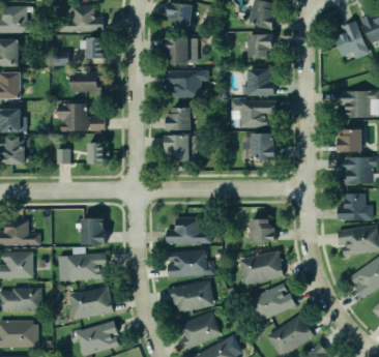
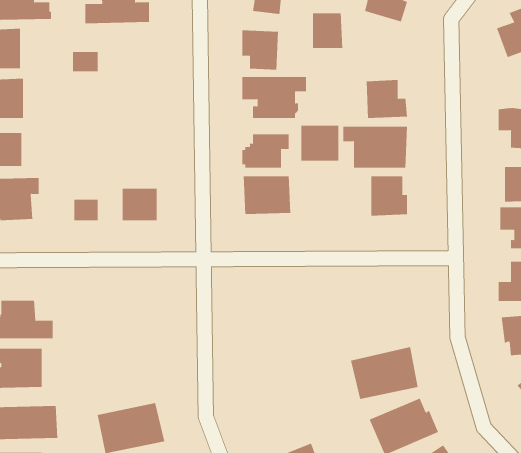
building: [247,36,268,60] -> [312,13,343,48]
building: [86,39,104,61] -> none
building: [70,72,106,95] -> none
building: none -> [301,125,339,162]
building: [58,106,105,132] -> none
building: [79,217,105,244] -> none
building: [249,217,273,240] -> none
building: [166,220,211,245] -> none
building: [168,249,215,279] -> none
building: [65,251,106,279] -> none
building: [170,281,214,315] -> none

